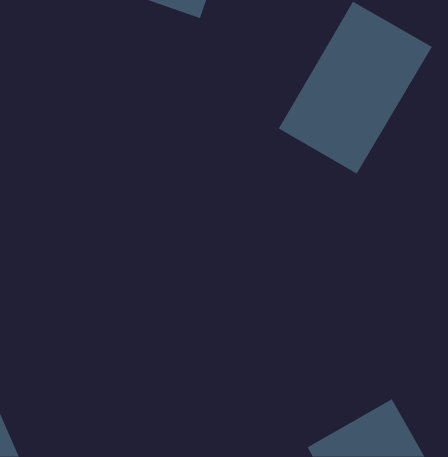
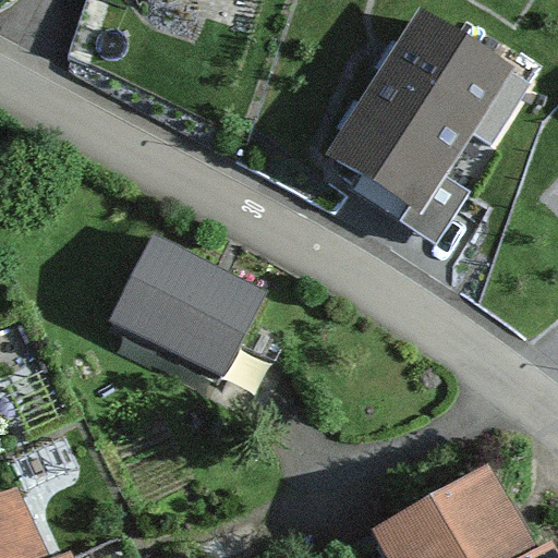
building: none -> [109,247,245,373]

